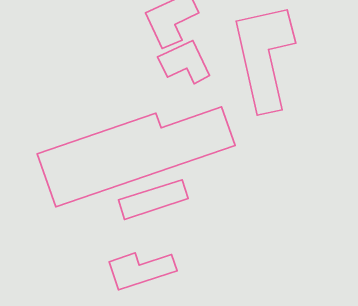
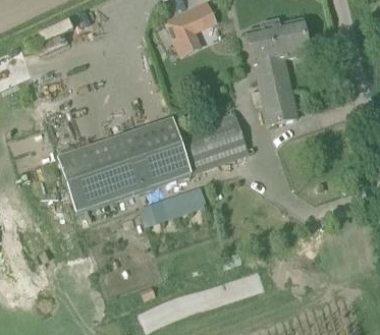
building: [158,40,209,84] -> none
building: [109,253,177,290] -> none

